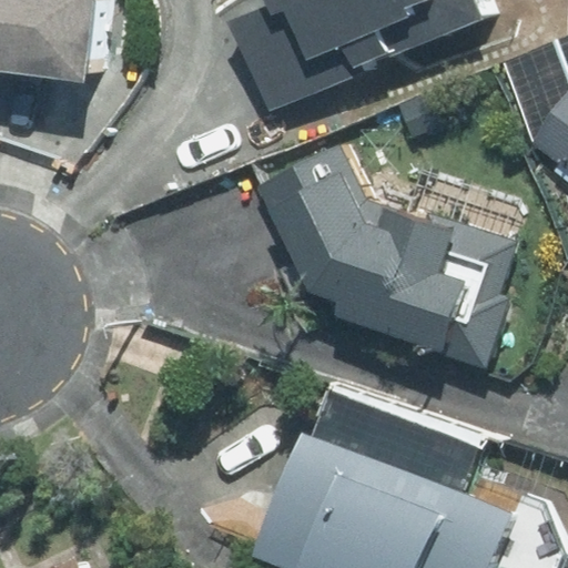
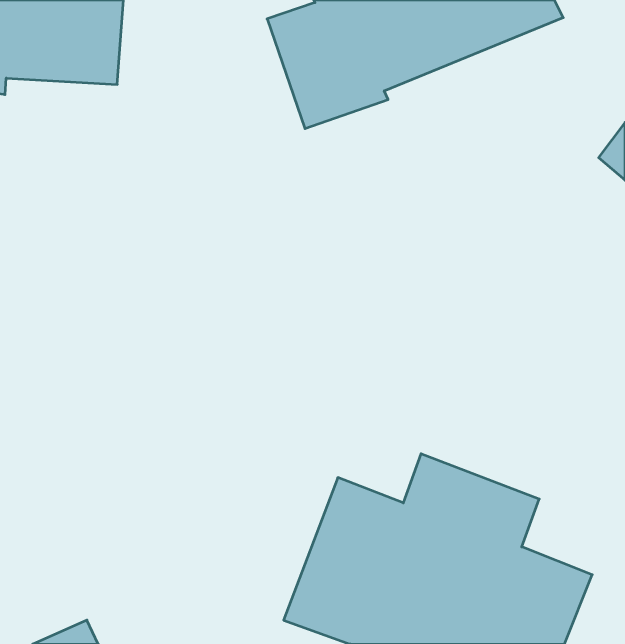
building: [254,144,476,348] -> none

